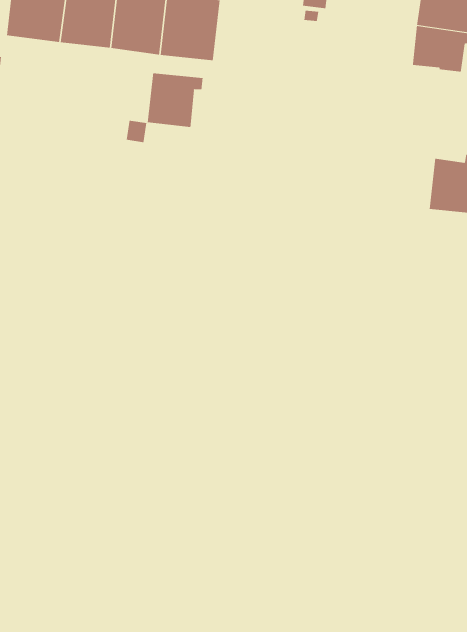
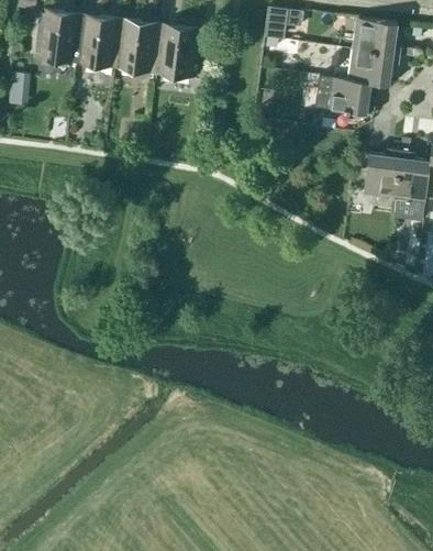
building: none -> [314,77,374,115]
building: [147,73,203,128] -> none

